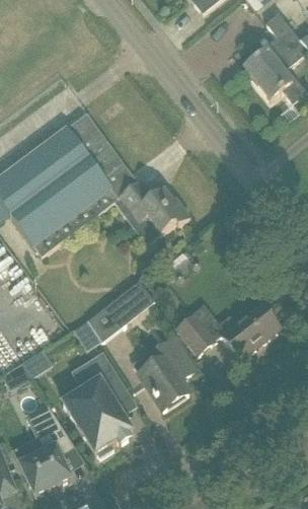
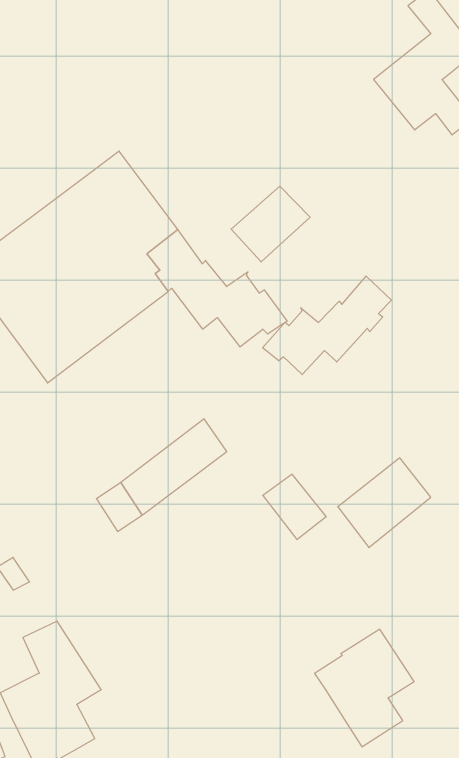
building: none -> [231,186,310,262]
building: none -> [263,276,391,375]
building: [134,337,196,410] -> [315,629,414,747]
building: [62,353,133,457] -> none

